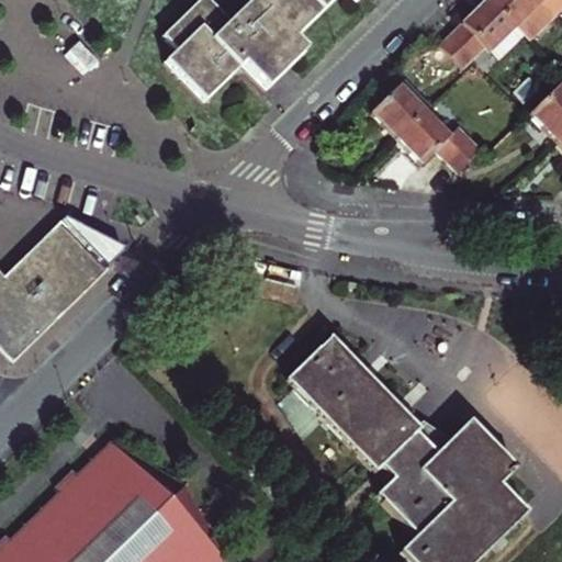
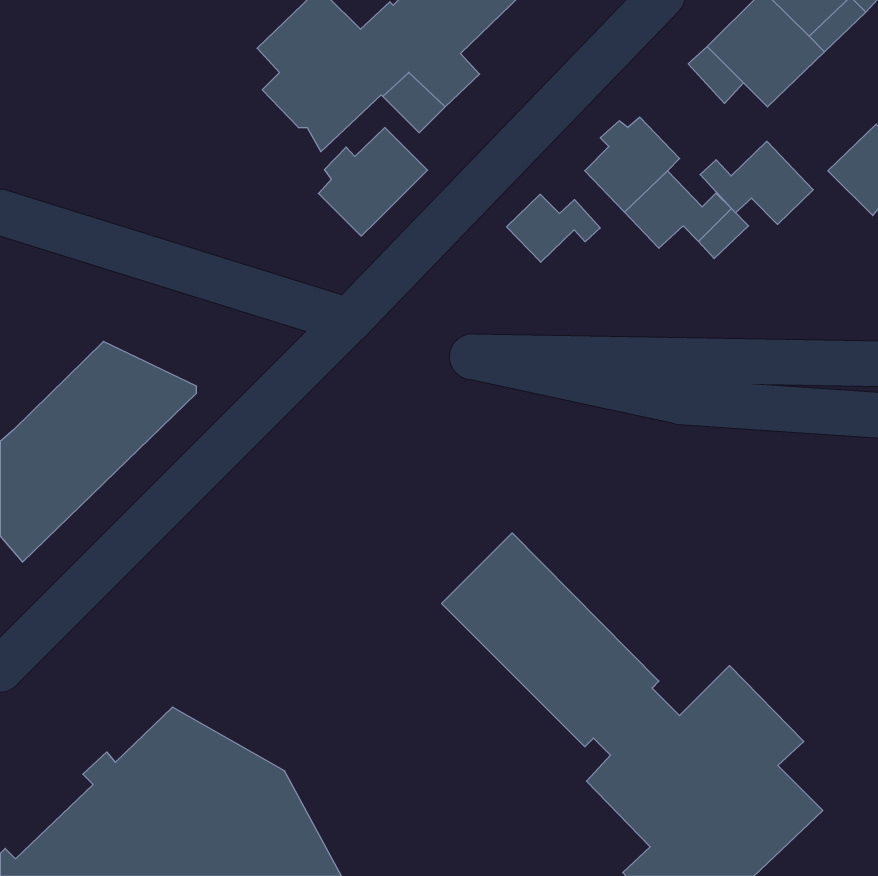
building: none -> [318,128,428,236]
building: none -> [700,141,813,224]
building: none -> [507,194,600,262]

